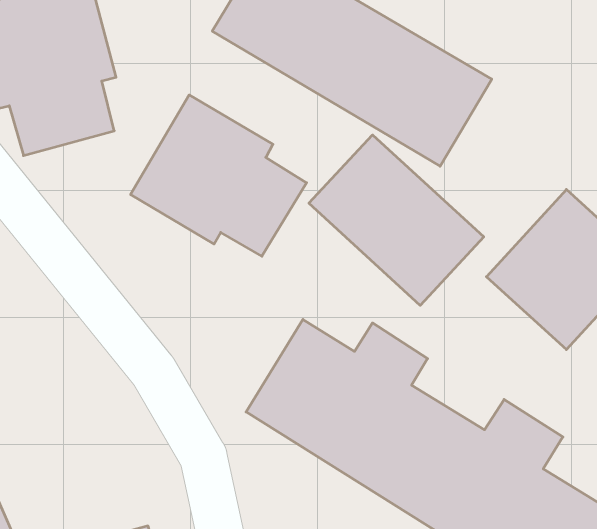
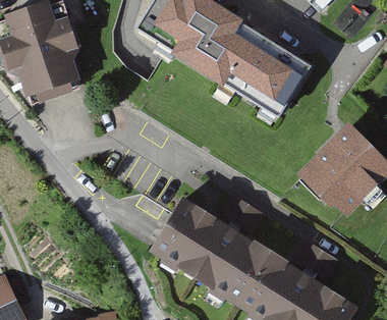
building: [131,95,307,256] -> none
building: [309,135,484,305] -> none

